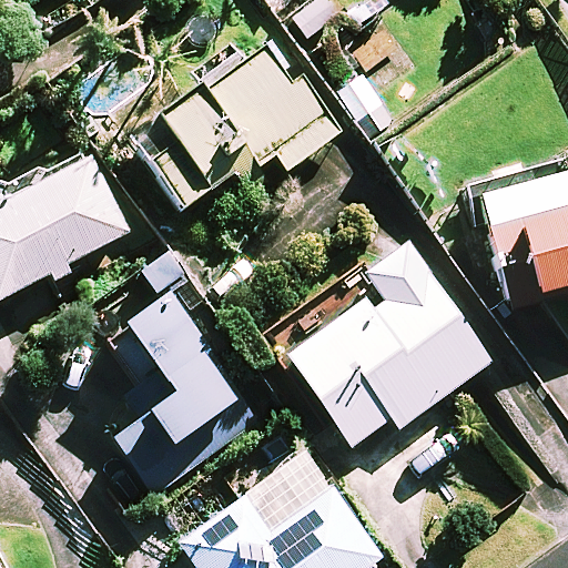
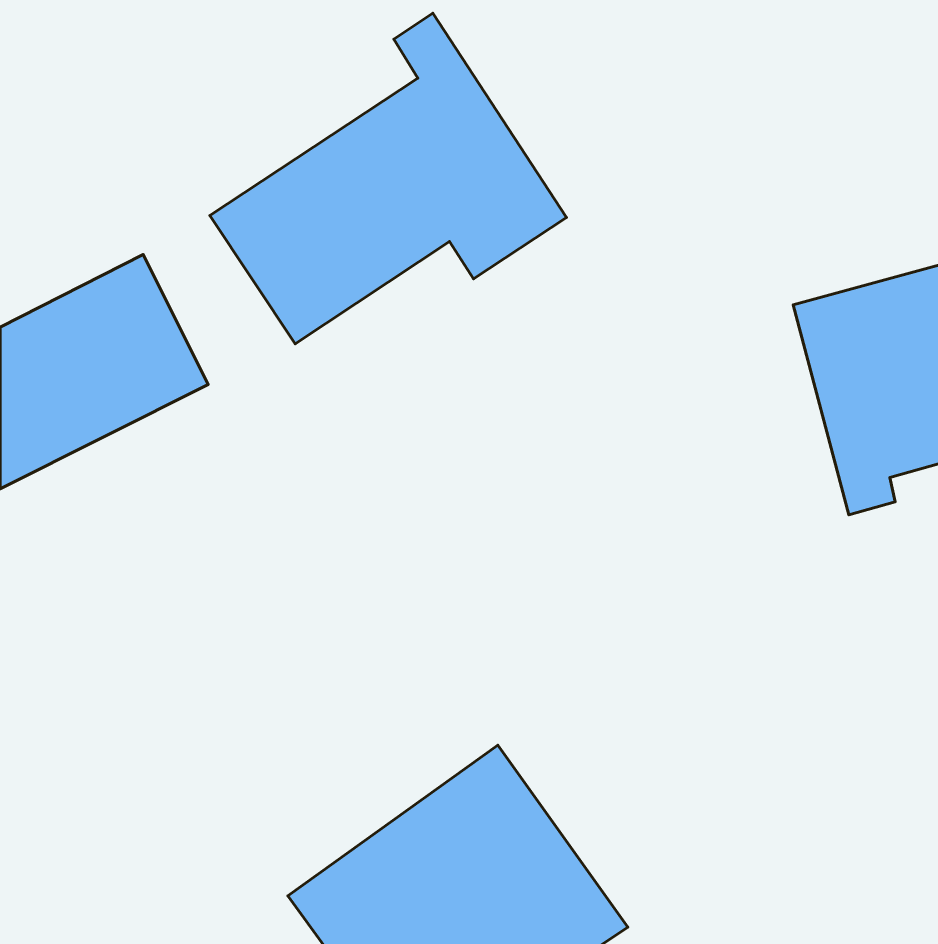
building: [284,246,493,447] -> none
building: [116,288,241,493] -> none

